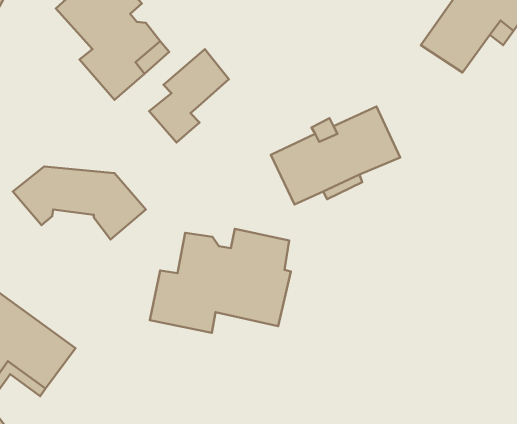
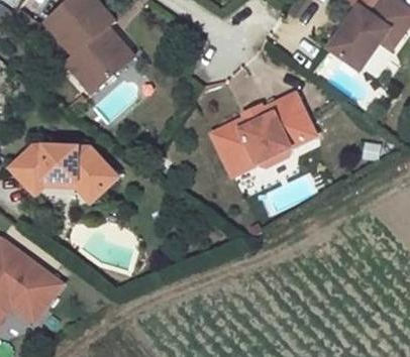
building: [149,49,229,143] -> none
building: [150,229,291,333] -> none

